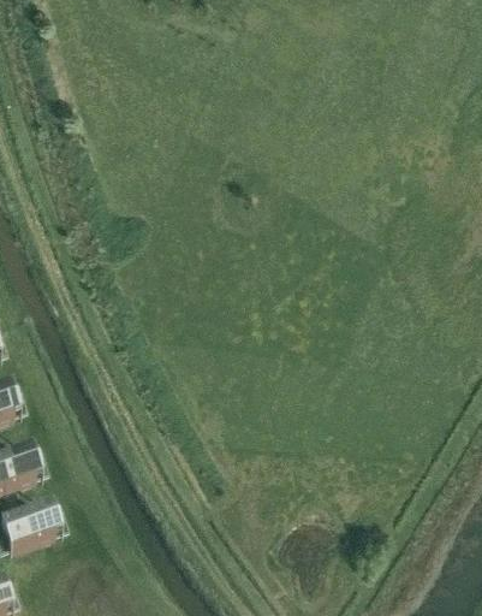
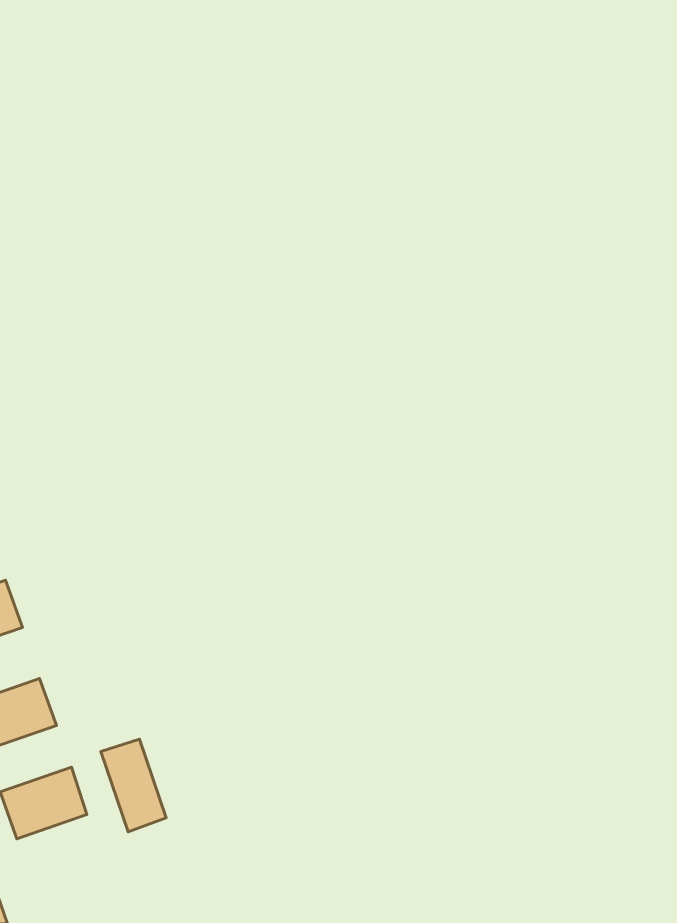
building: none -> [101,739,166,832]

